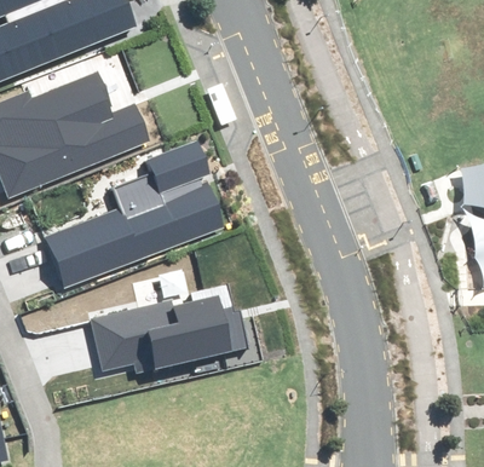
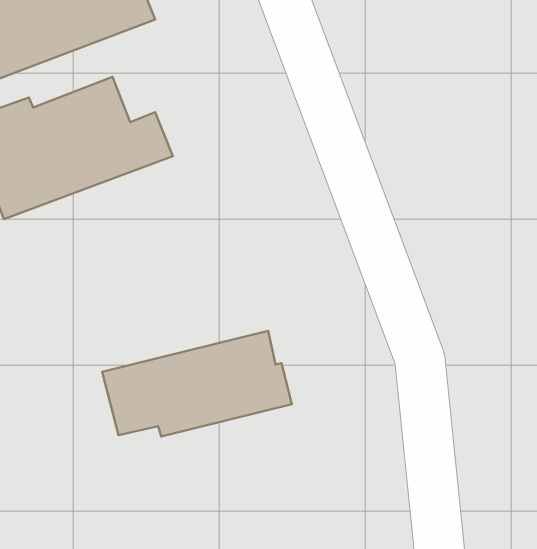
building: [50,142,224,283] -> none

